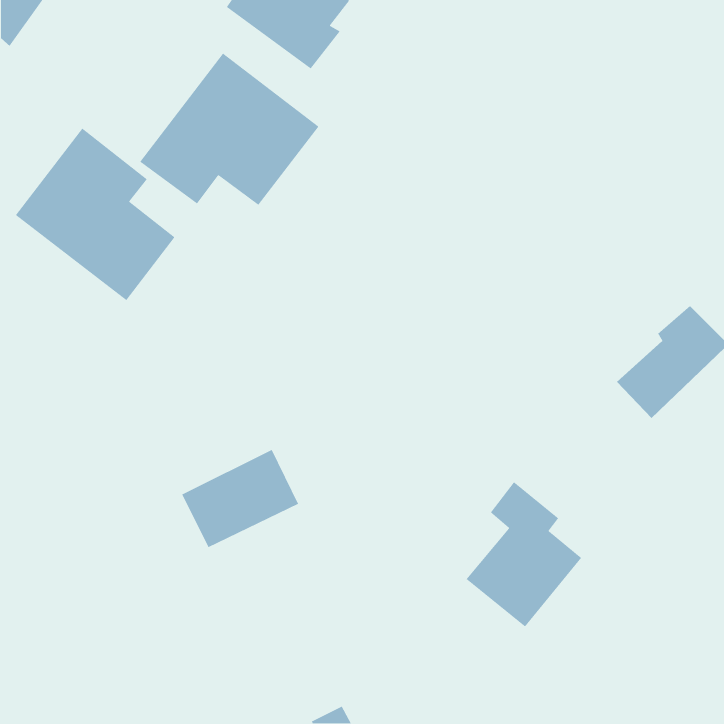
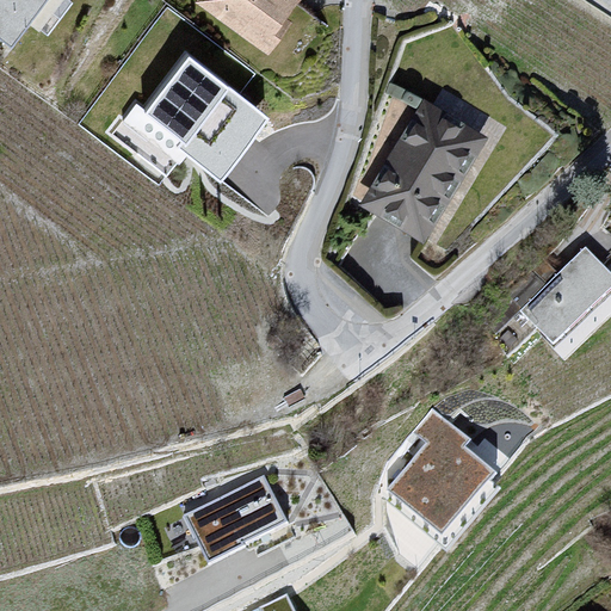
building: none -> [363,97,490,241]
building: [15,127,176,301] -> none
building: [181,449,299,548] -> [187,474,286,557]

